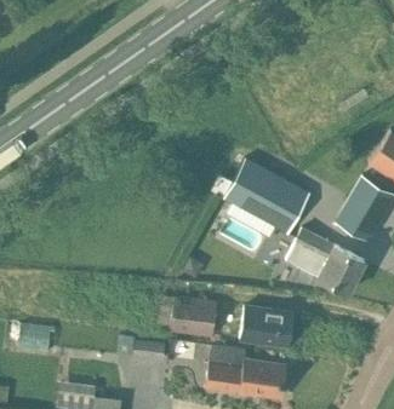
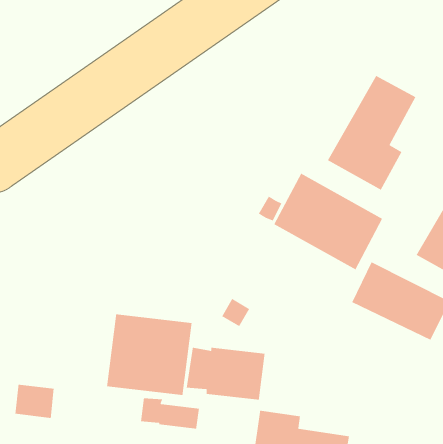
building: none -> [327,75,416,191]
building: none -> [106,314,192,396]
building: [239,307,292,346] -> none

